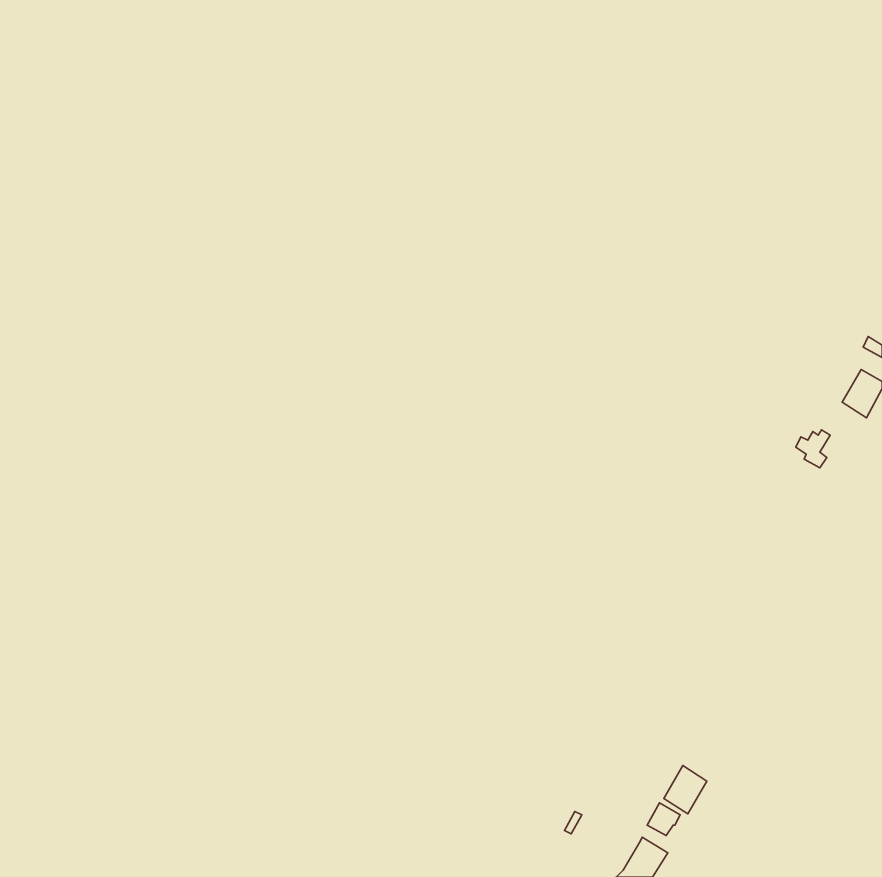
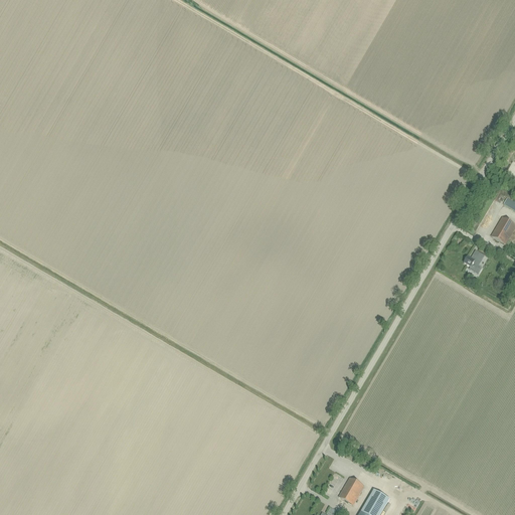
building: [664,766,707,814] -> [339,476,364,504]

